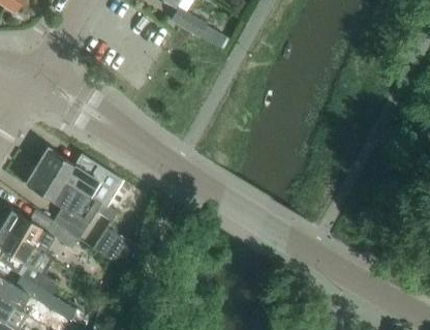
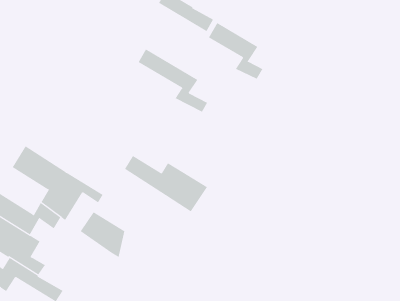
building: none -> [208,22,263,80]
building: none -> [138,48,208,112]
building: [38,149,122,206] -> [124,155,208,212]

